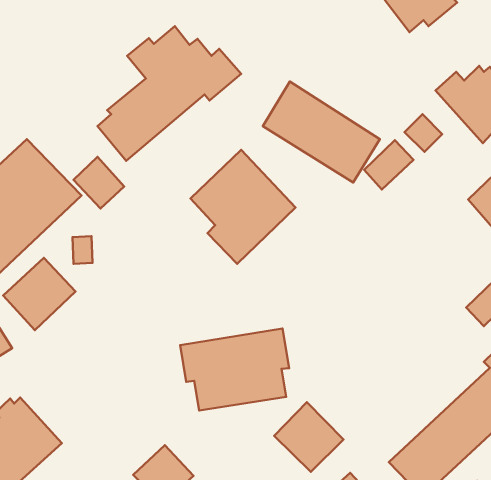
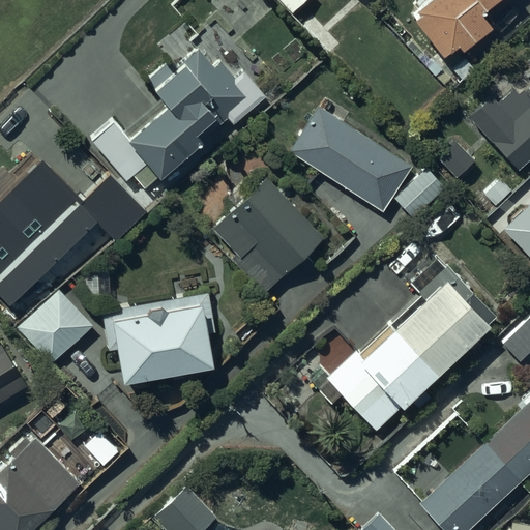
building: none -> [319,258,497,432]
building: [180,328,289,411] -> [101,293,215,379]
building: [274,402,343,472] -> none

